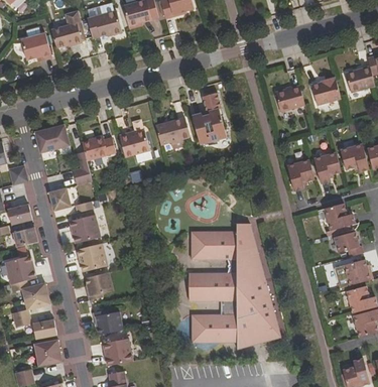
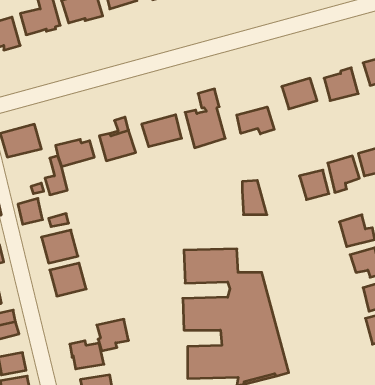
building: none -> [237,107,274,134]
building: [237,222,258,251] -> [242,180,267,215]
building: [86,272,113,299] -> [97,319,129,351]

